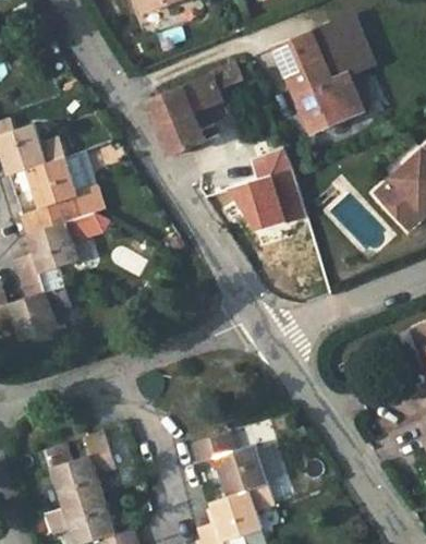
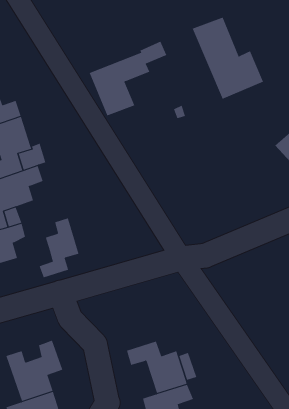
building: [312,16,370,81] -> none
building: [228,152,304,232] -> none
building: none -> [39,217,79,278]

